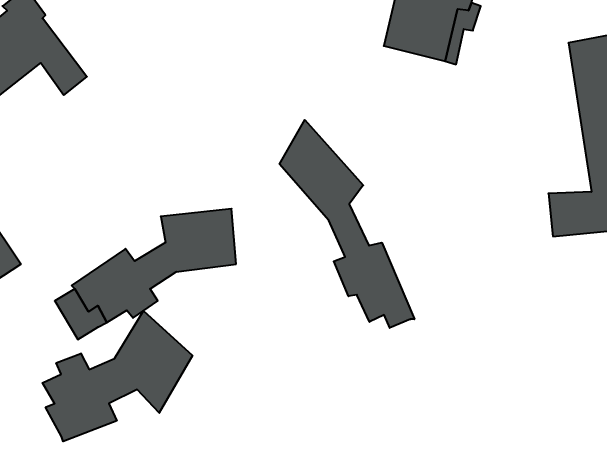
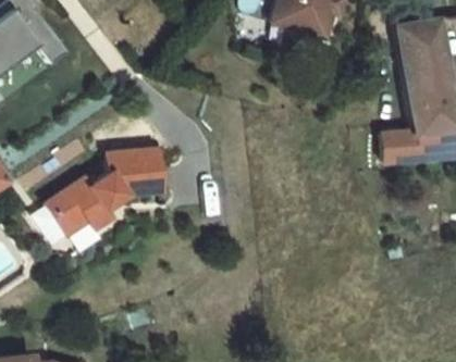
building: [280,120,414,328] -> none
building: [42,311,192,441] -> none

